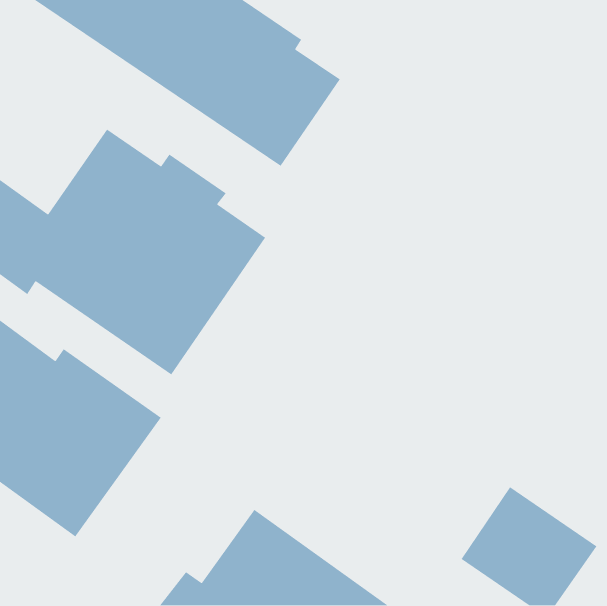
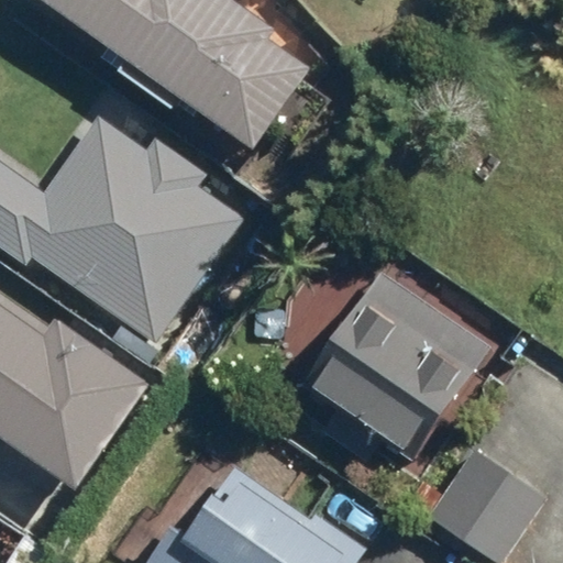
building: none -> [305,269,493,460]

